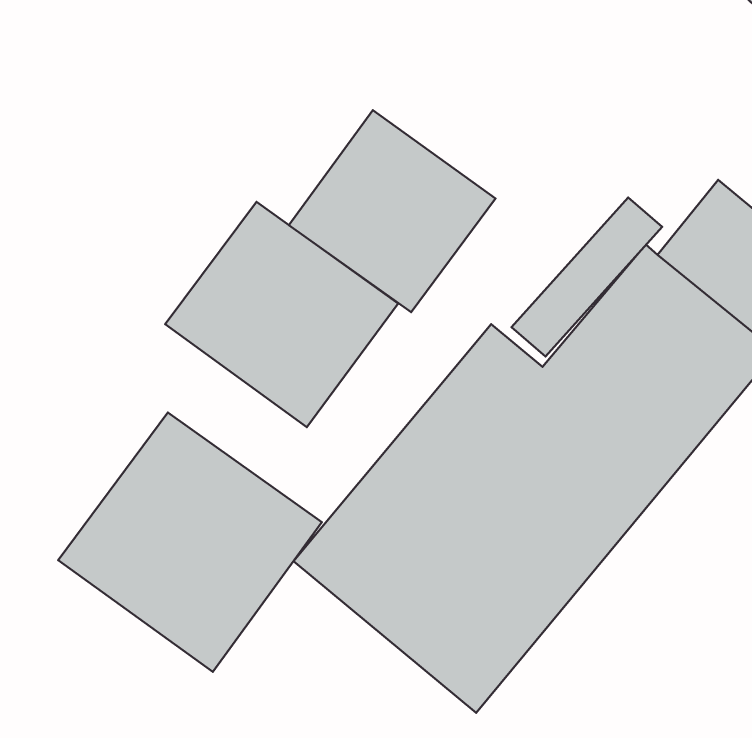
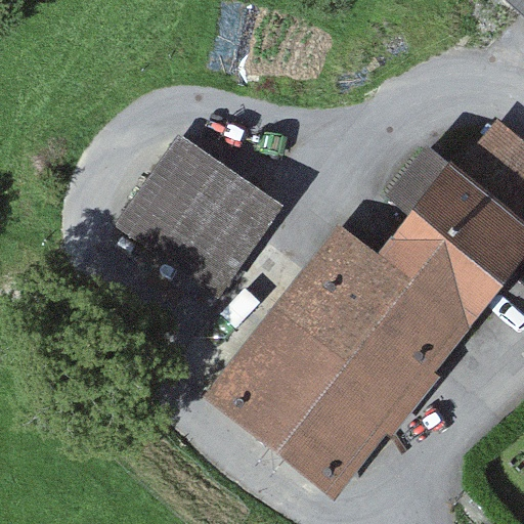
building: [289,110,495,312] -> none
building: [58,412,322,672] -> none

